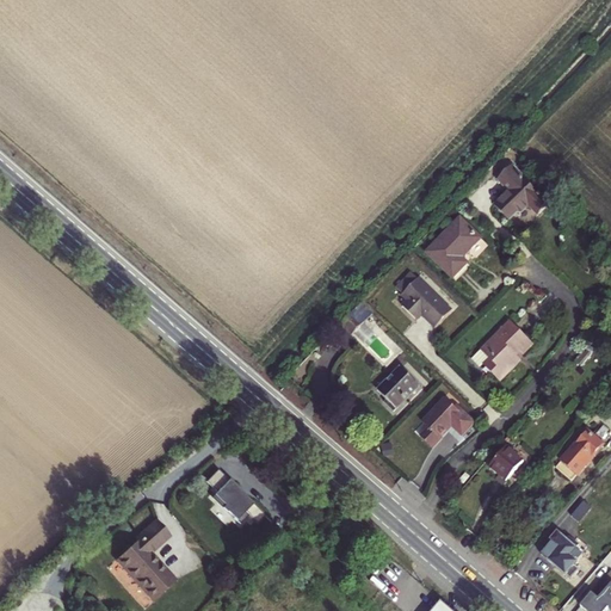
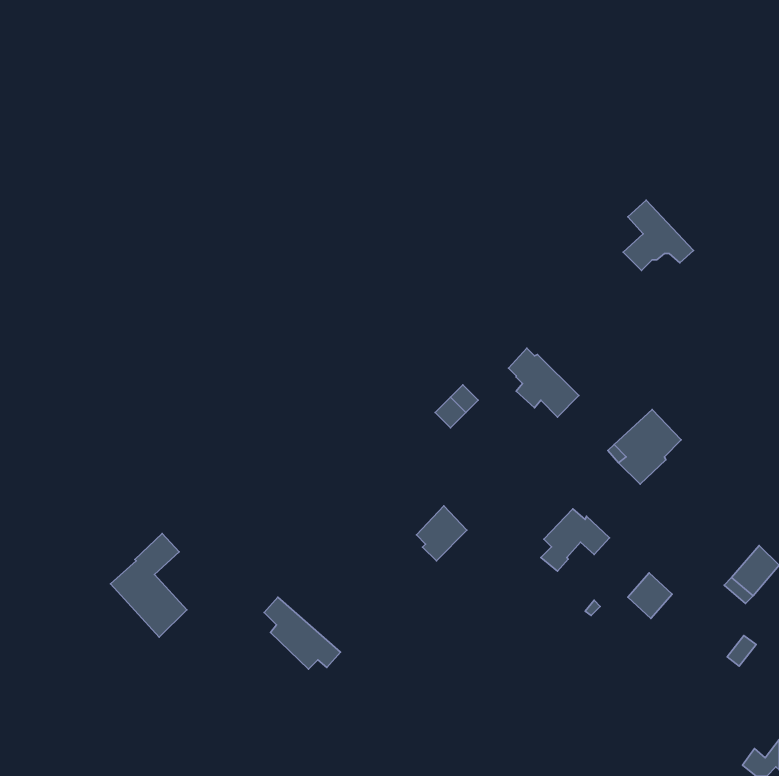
building: [419,209,473,267] -> none
building: [378,369,418,412] -> [417,506,467,561]
building: [113,519,173,600] -> [110,533,187,637]
building: [541,532,582,580] -> none

